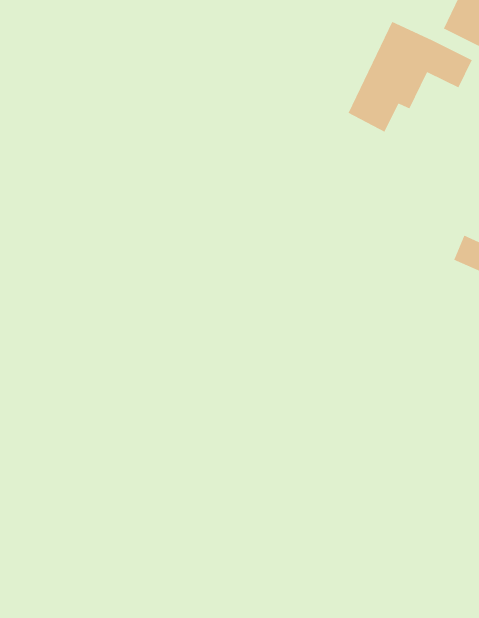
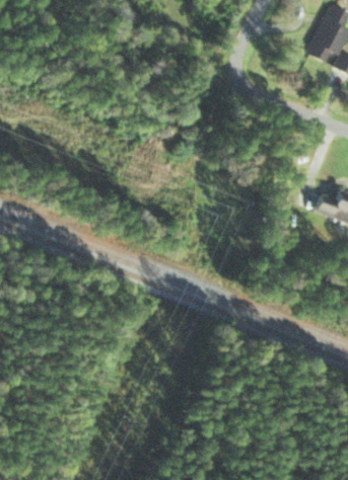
building: [348,21,473,133] -> none

